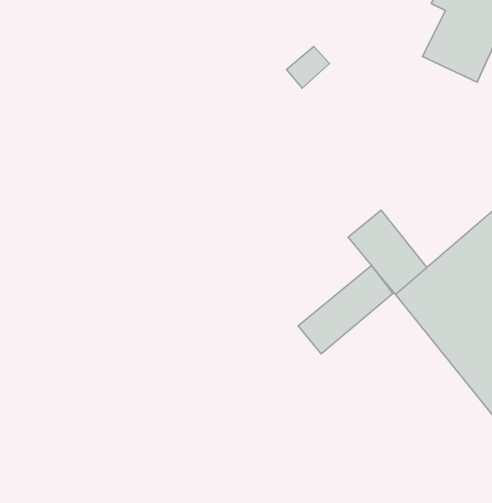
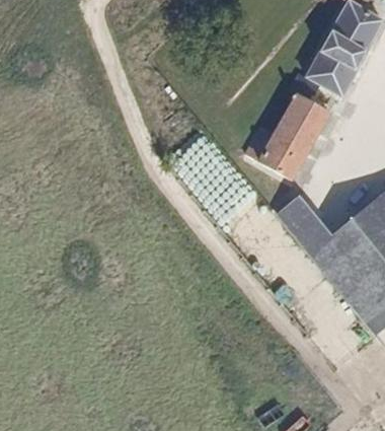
building: none -> [267,97,345,179]
building: [298,265,393,354] -> none

